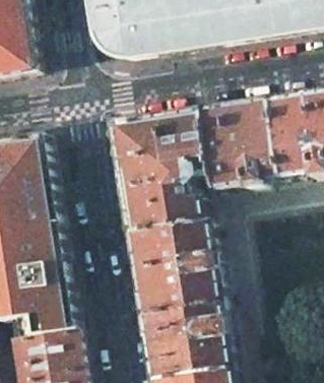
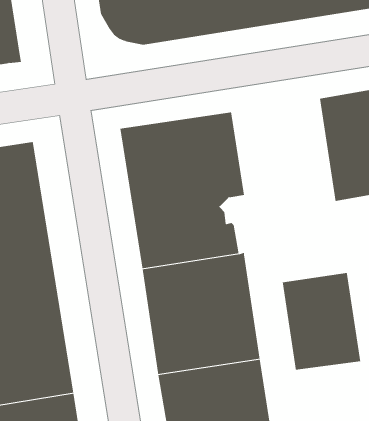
building: [197,101,277,191] -> none
building: none -> [282,272,361,370]

